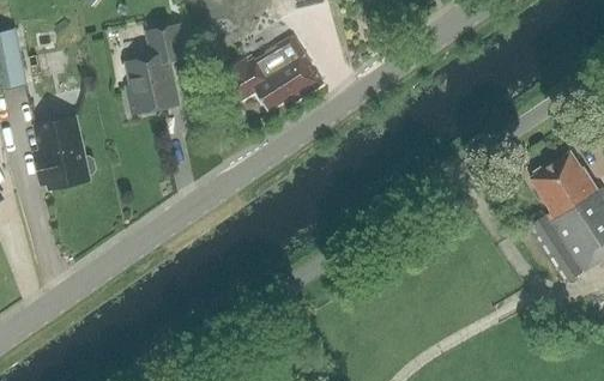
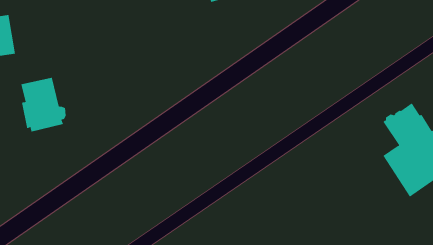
building: [121,20,186,109] -> none
building: [224,32,324,108] -> none

